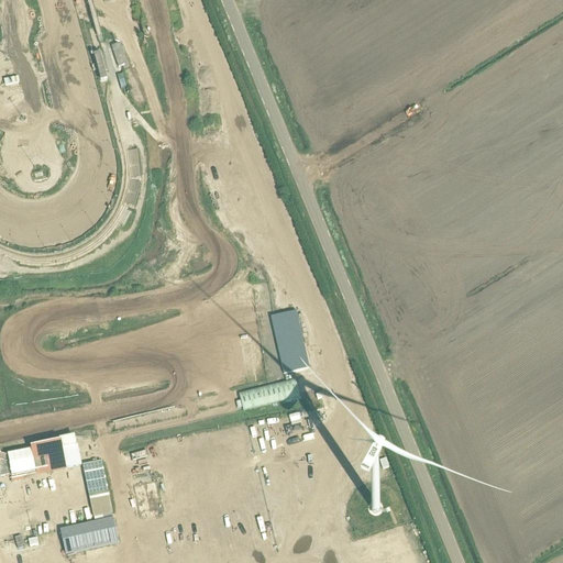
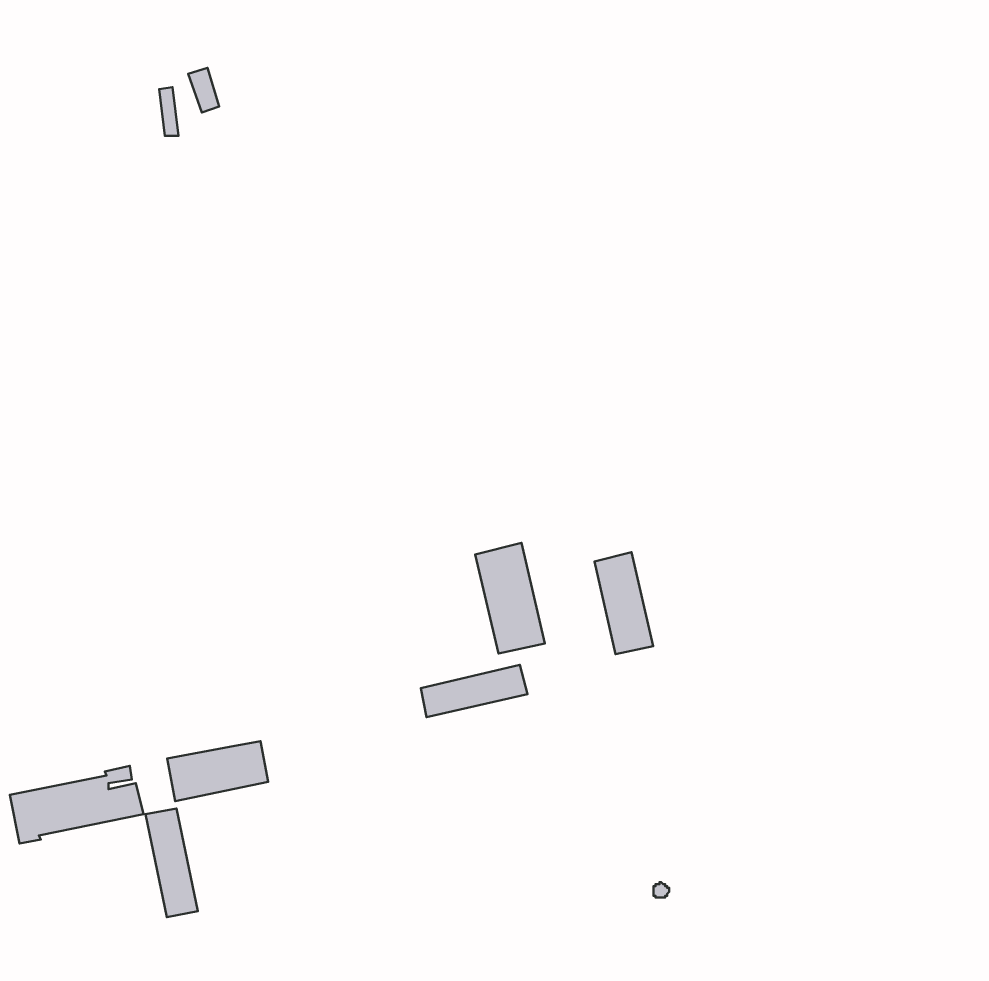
building: none -> [595,552,653,654]
building: [59,517,117,551] -> [167,741,268,801]

